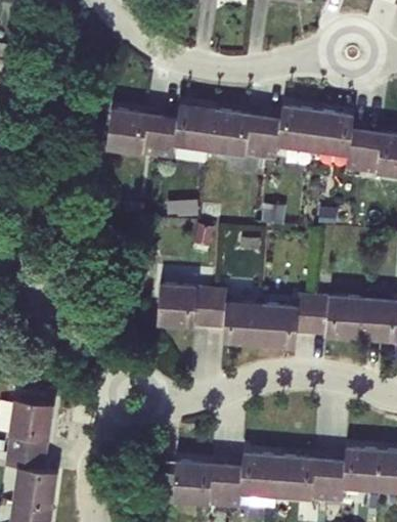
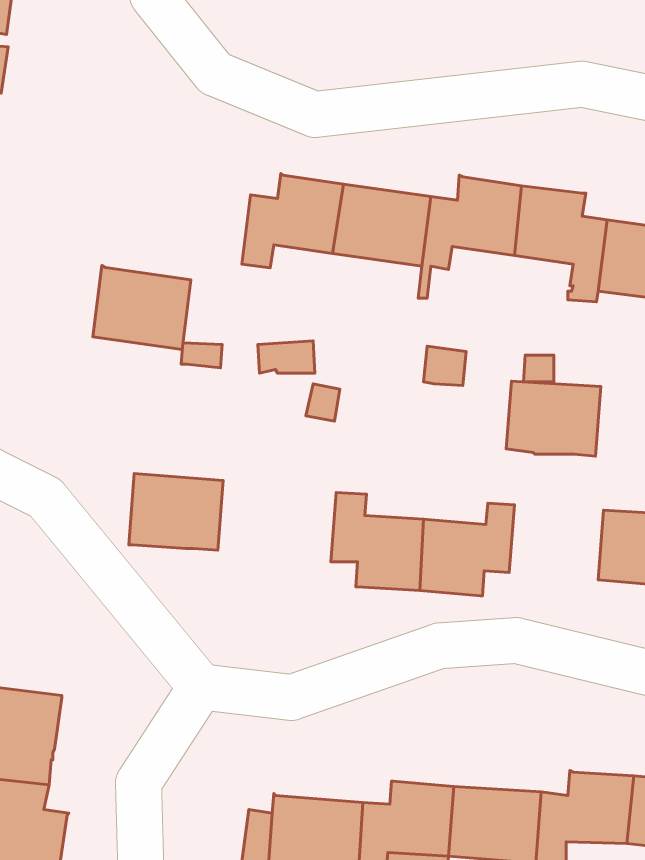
building: [105,108,162,157] -> [93,266,191,349]
building: [157,284,211,328] -> [129,474,223,550]
building: [310,295,364,338] -> [506,381,601,456]

